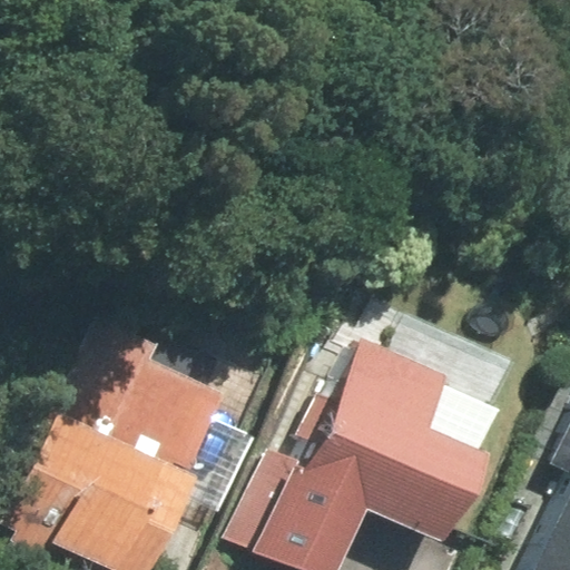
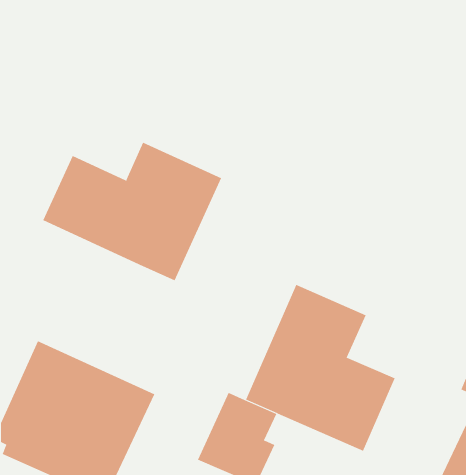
building: none -> [42,142,222,281]
building: [61,323,232,473] -> none

